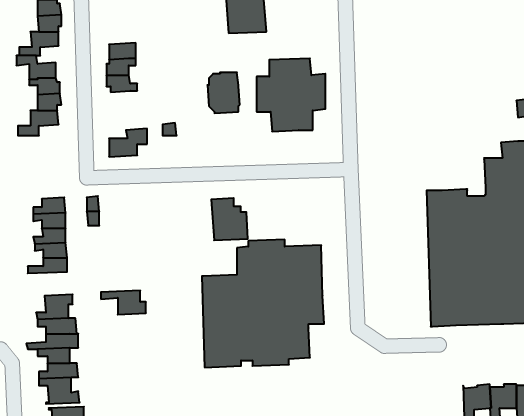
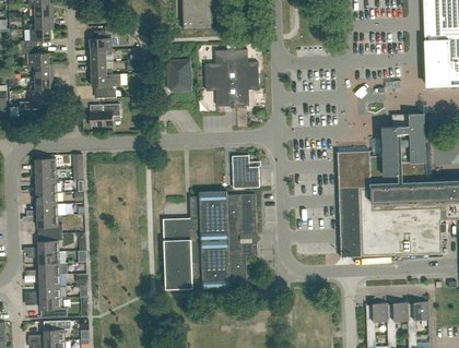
building: none -> [92,73,126,98]
building: [211,198,248,240] -> [232,155,260,188]
building: [101,291,146,315] -> [27,215,62,233]

